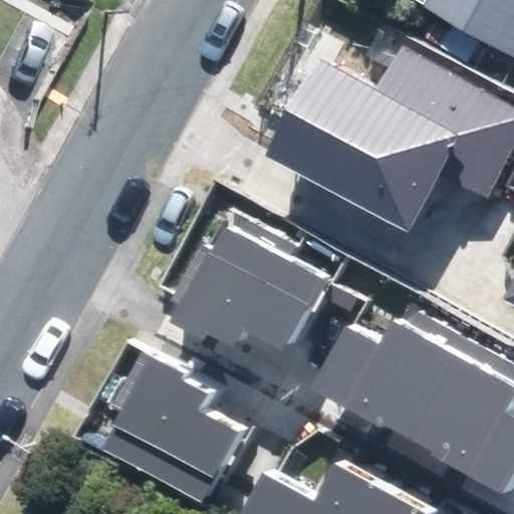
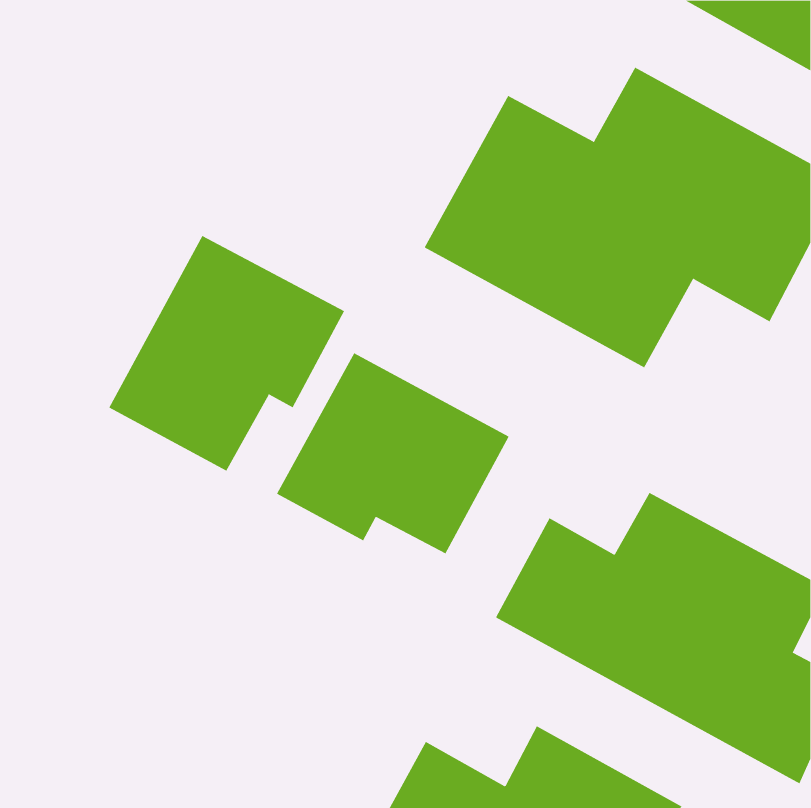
building: none -> [109,235,345,472]
building: [105,351,246,499] -> none

